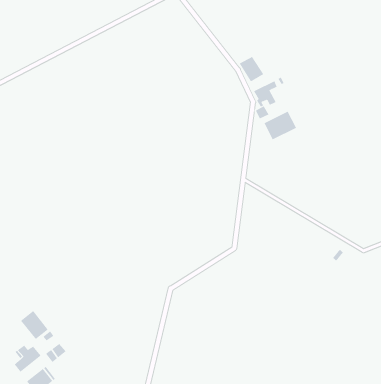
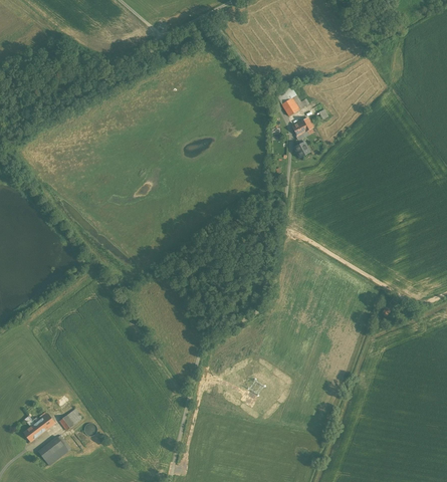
building: [264,111,297,140] -> none
building: [20,310,49,340] -> none

